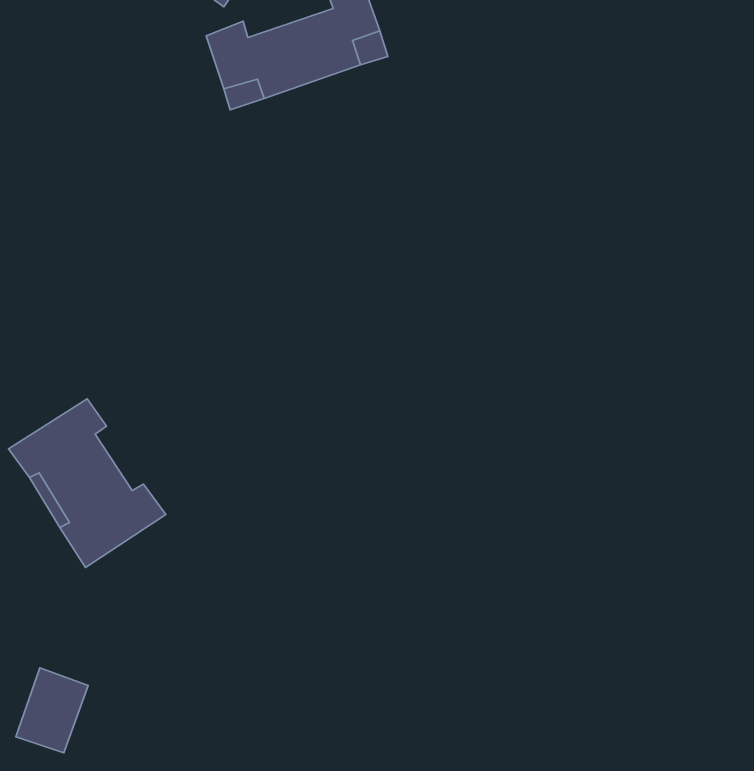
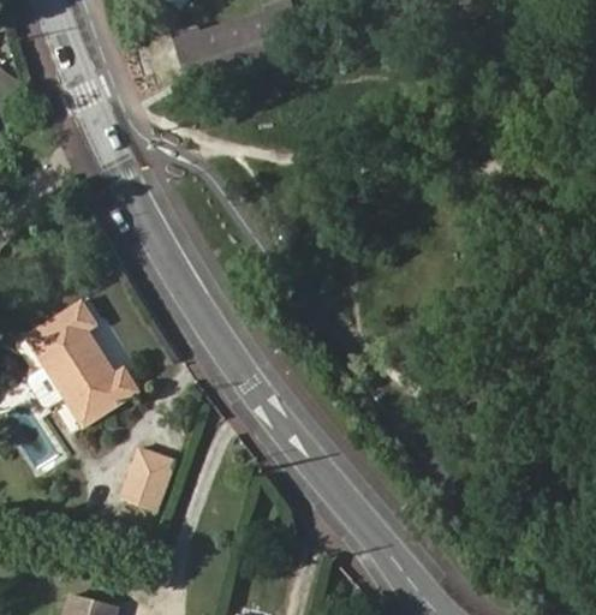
building: [16,668,88,753] -> [120,446,174,509]

